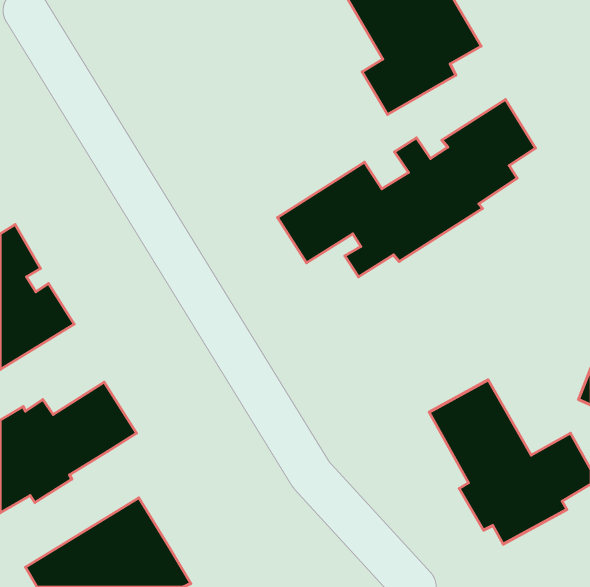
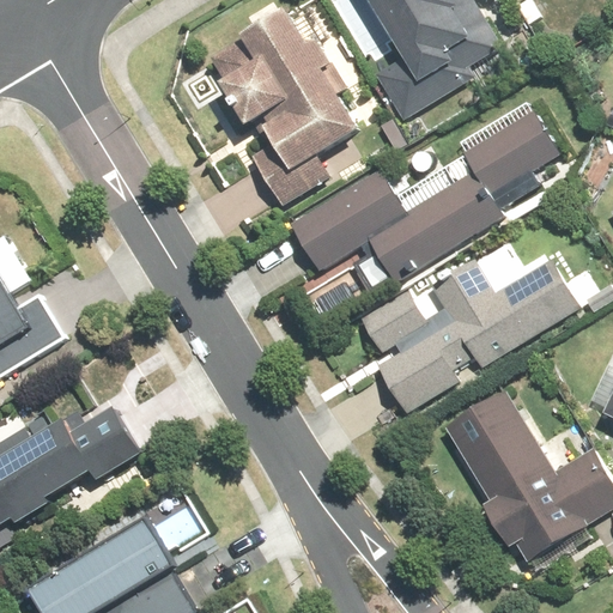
building: none -> [208,10,356,208]
building: none -> [358,260,579,414]

